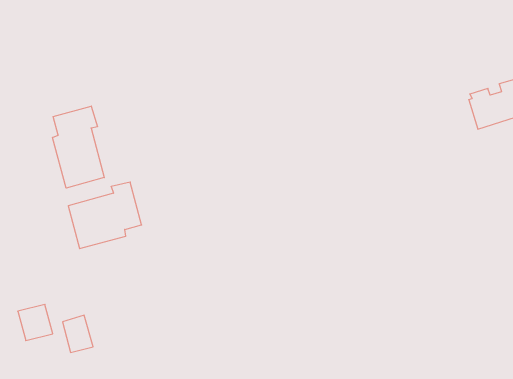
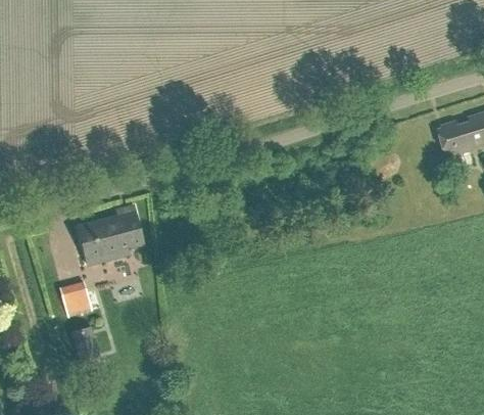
building: [53,106,104,188] -> none
building: [18,304,53,341] -> [59,281,91,314]

